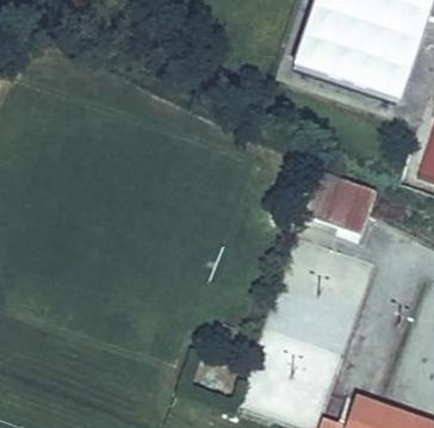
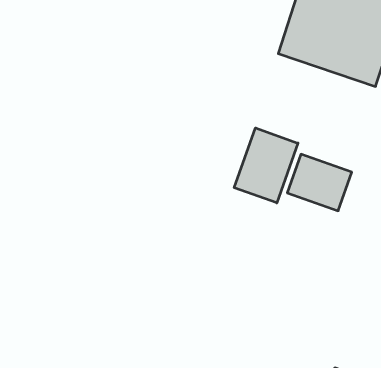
building: none -> [234,128,298,203]

